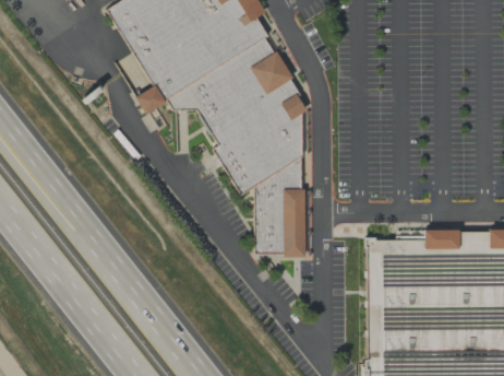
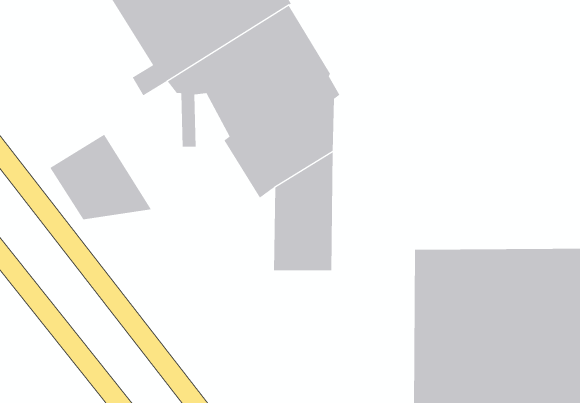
building: none -> [50,134,152,220]

